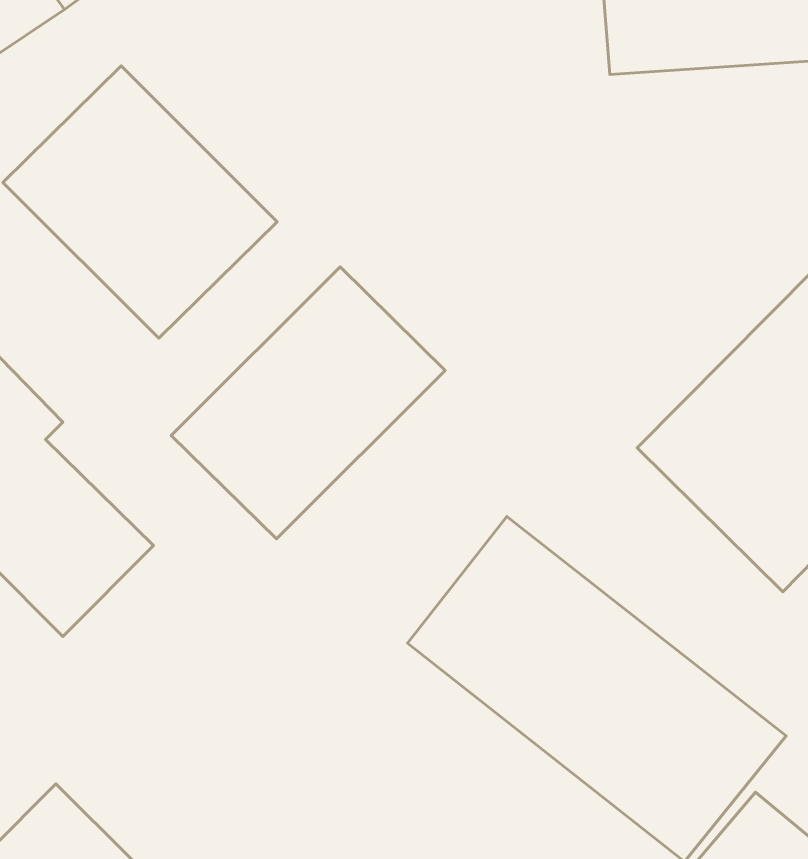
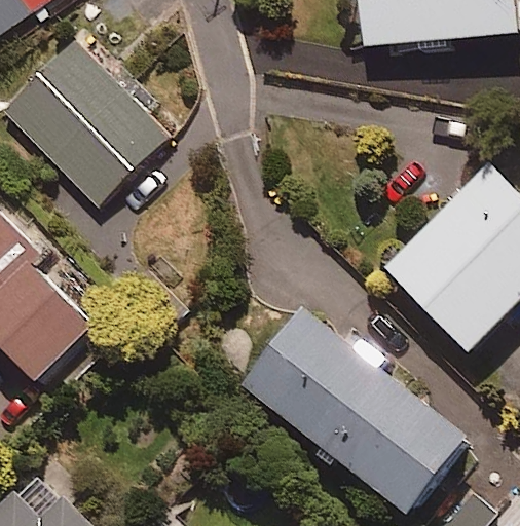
building: [171,267,445,539] -> none

